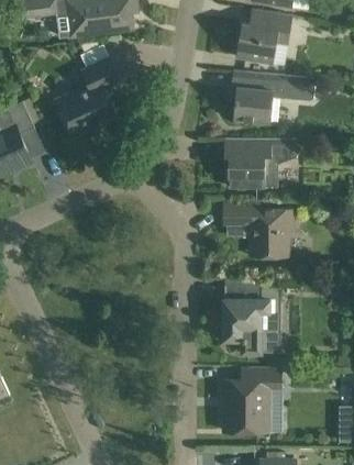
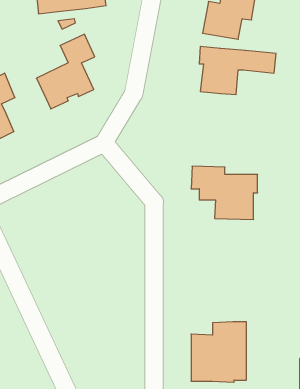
building: [223,139,296,187] -> none
building: [222,280,279,353] -> none

